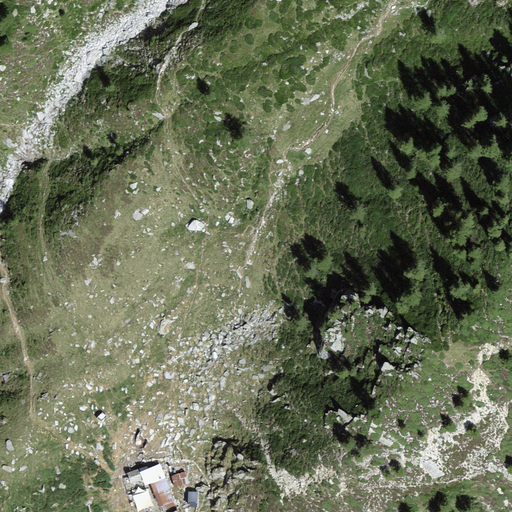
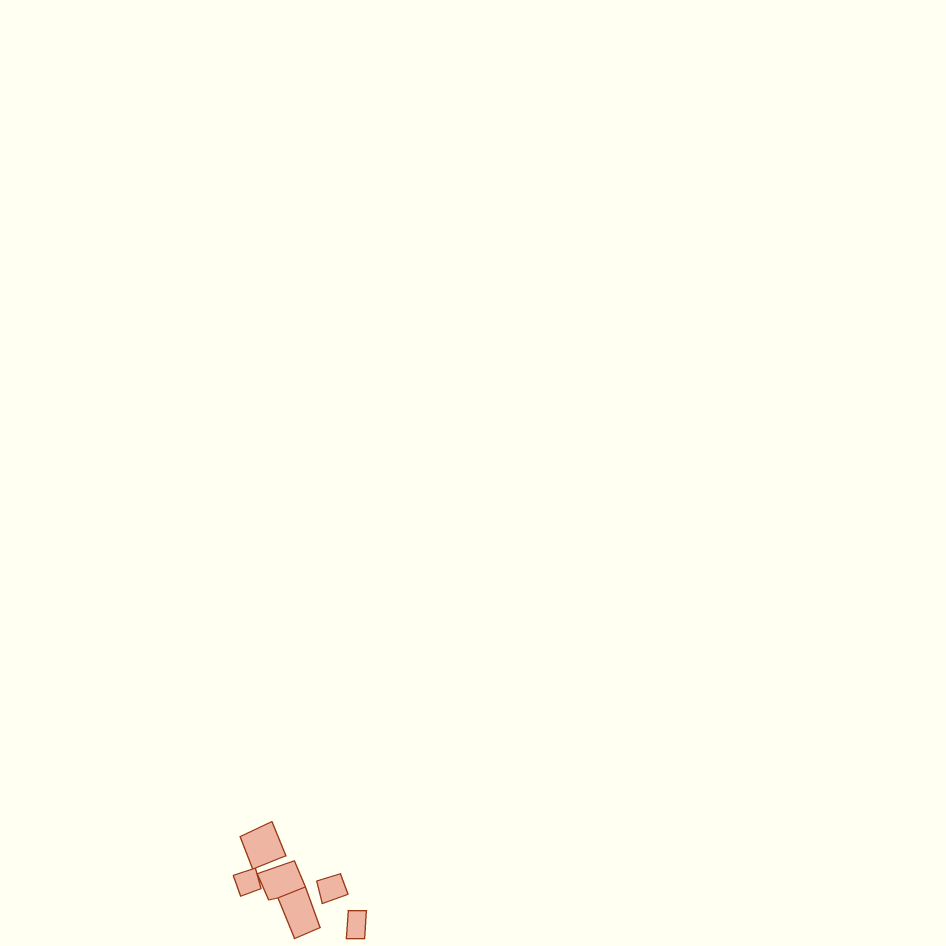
building: none -> [240,822,286,869]

